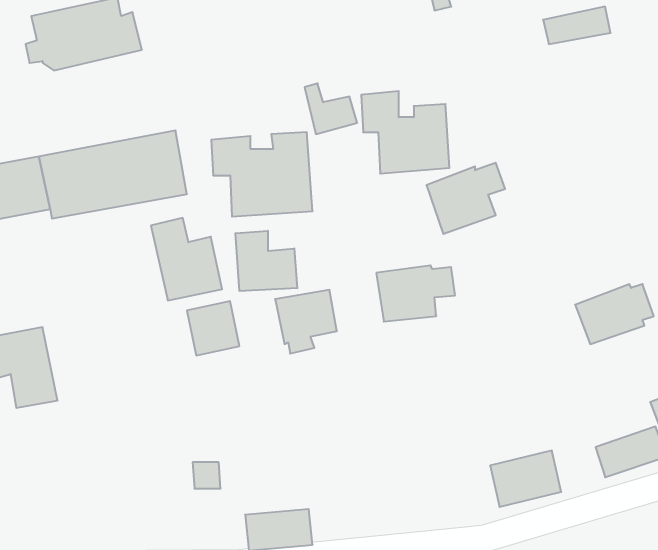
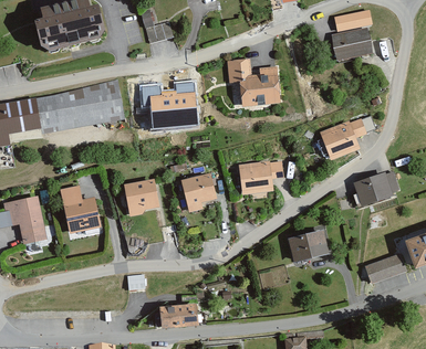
building: none -> [331,25,372,57]
building: [305,83,357,134] -> [142,13,173,43]
building: [426,163,505,234] -> [320,117,366,159]
building: [151,218,222,300] -> [61,184,103,233]
building: [236,231,297,291] -> none
building: [490,451,561,507] -> [287,230,329,263]

